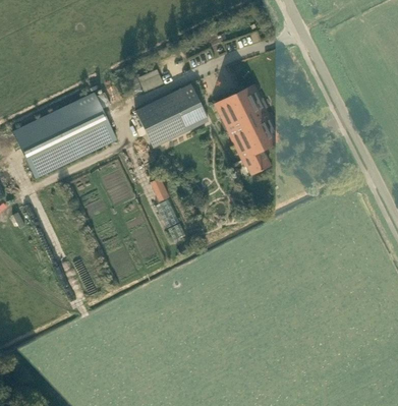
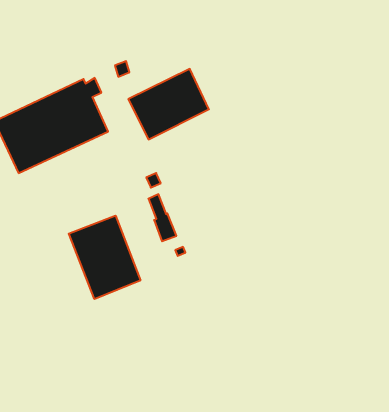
building: [214,84,282,174] -> none
building: none -> [69,216,140,299]

